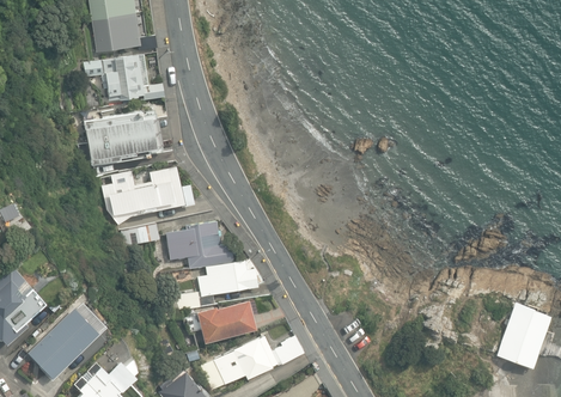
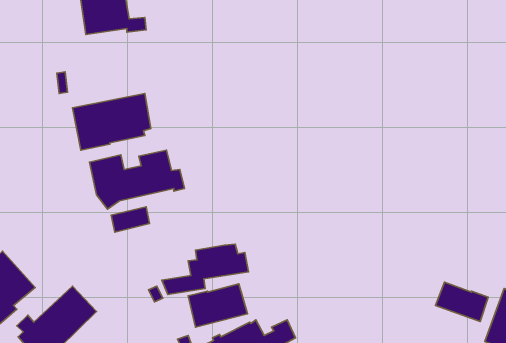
building: [84,55,164,100] -> none
building: [166,220,233,268] -> none
building: none -> [435,282,488,322]

